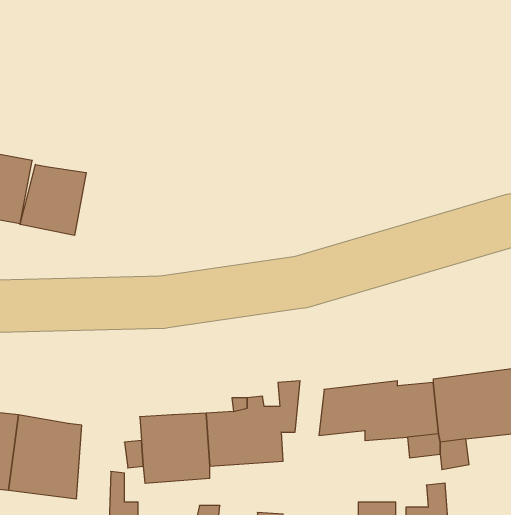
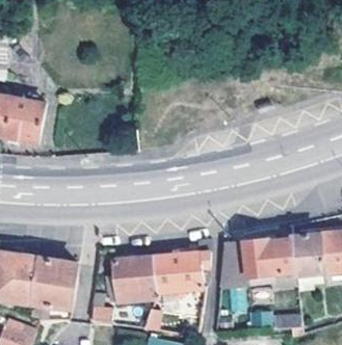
building: [20,164,86,235] -> none

